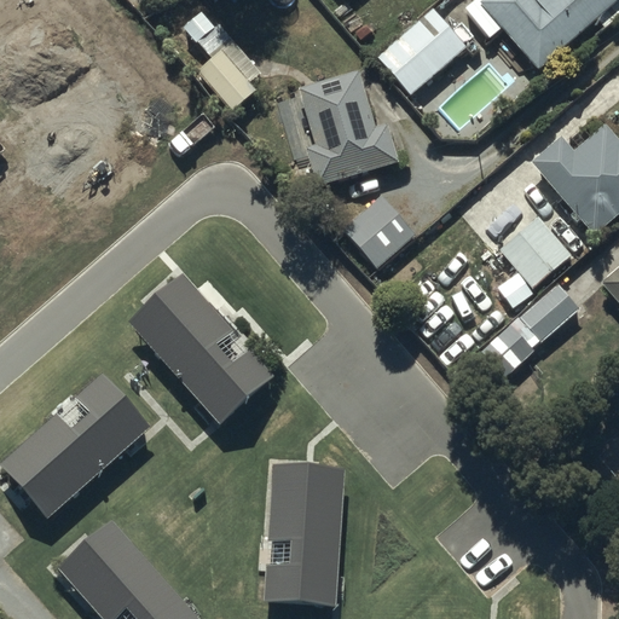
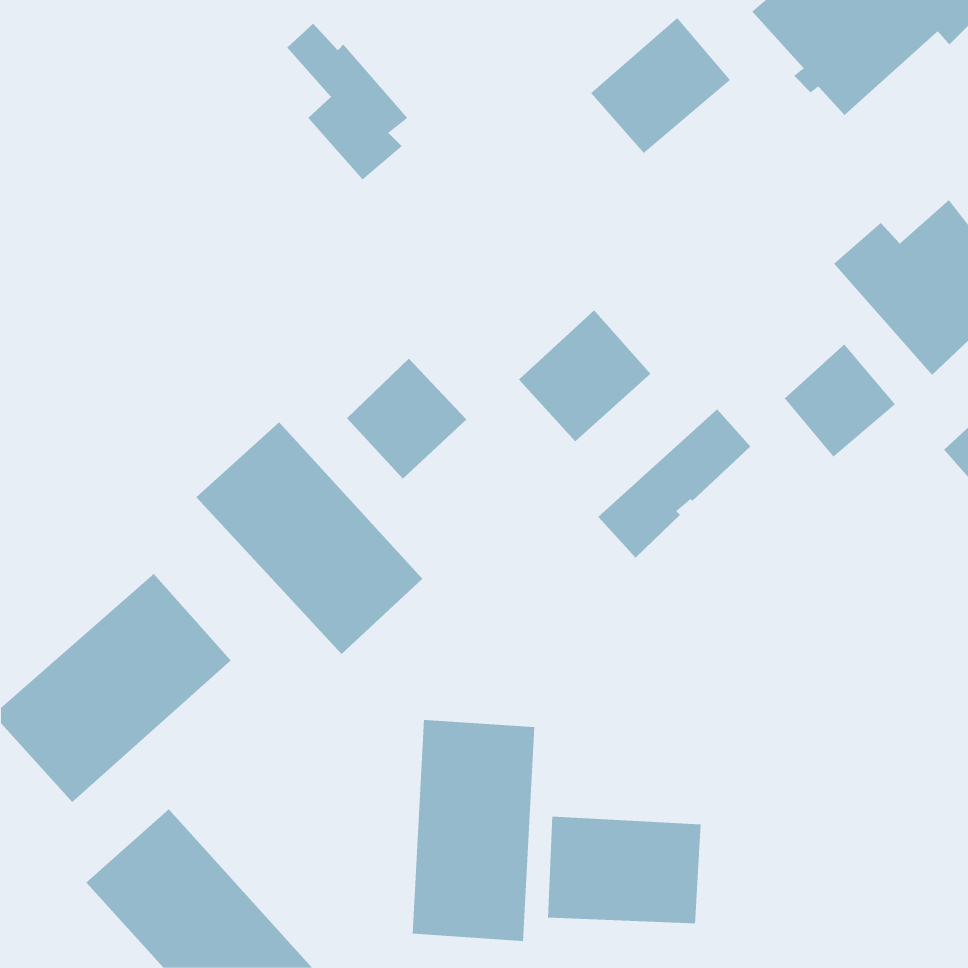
building: [299,76,399,190] -> none
building: none -> [346,358,467,479]
building: [481,287,579,382] -> [597,409,751,559]
building: none -> [548,816,701,924]

